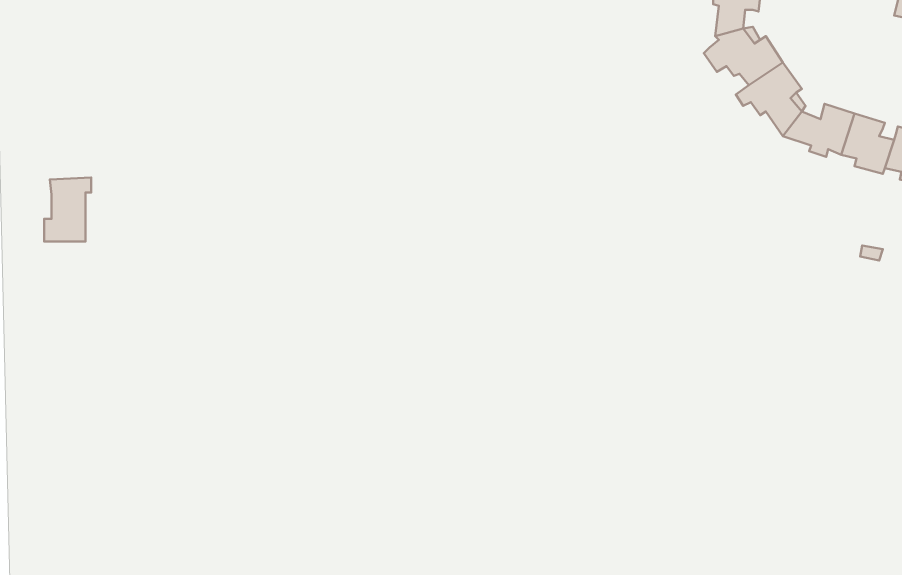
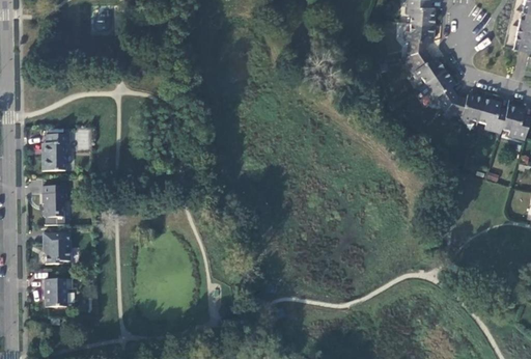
building: none -> [39,187,64,218]
building: none -> [41,231,65,264]
building: none -> [40,279,66,308]

